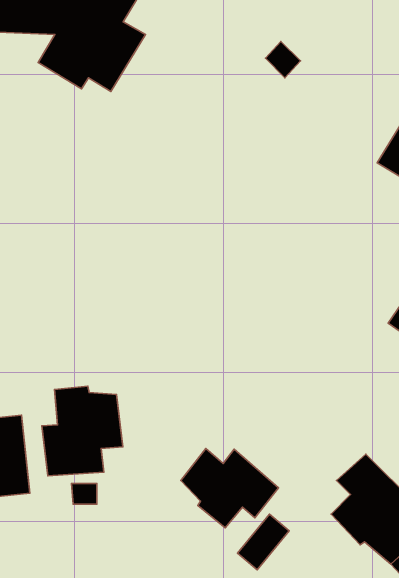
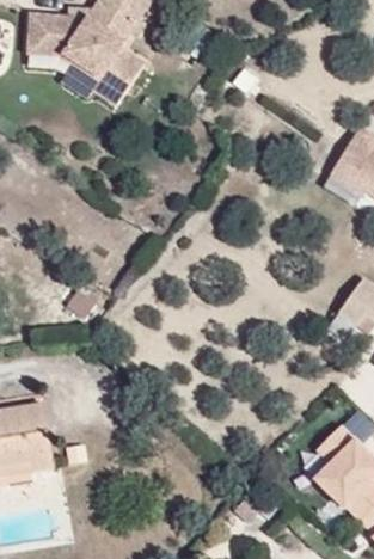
building: [42,386,123,476] -> none
building: [181,449,279,528] -> none

